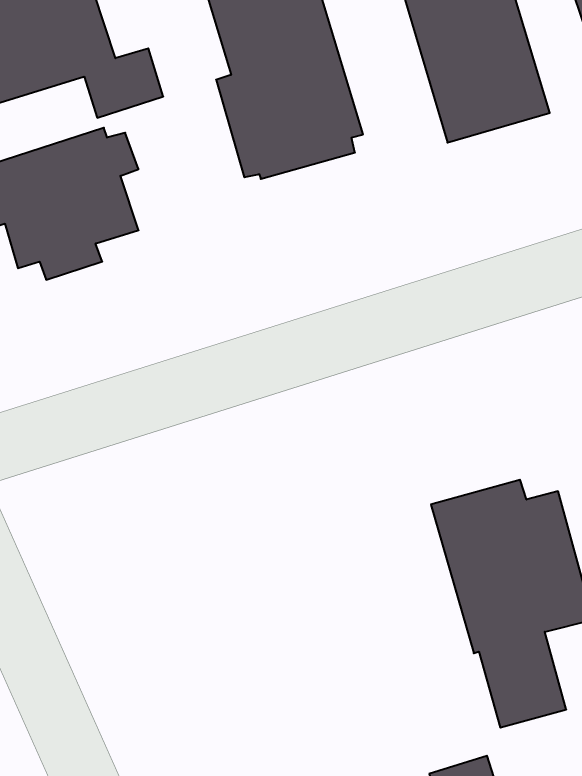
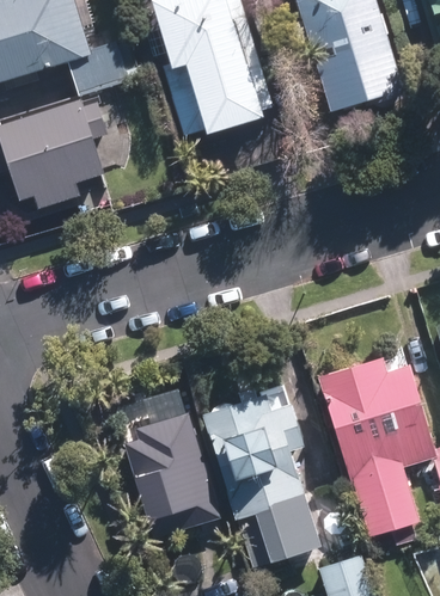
building: none -> [201,391,319,563]
building: none -> [123,410,219,533]

